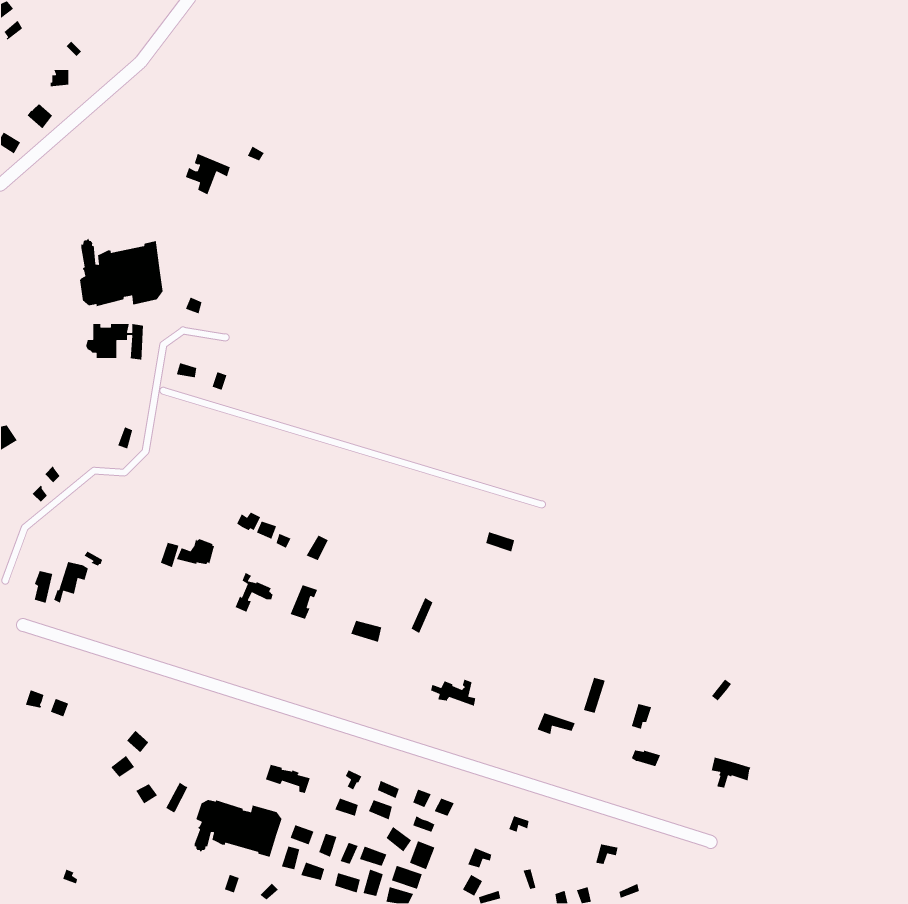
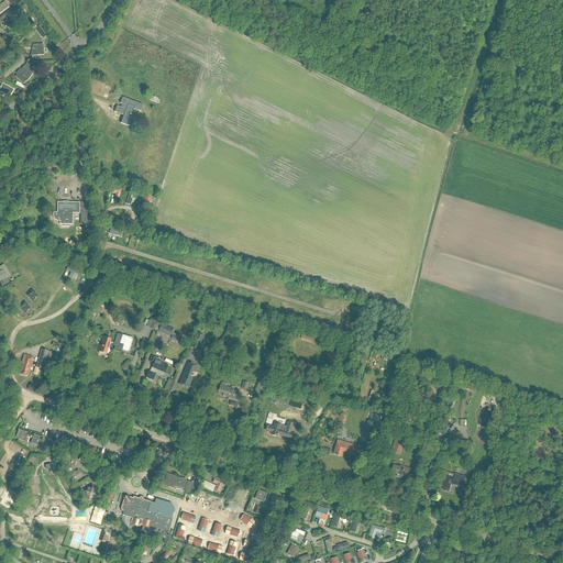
building: [79,238,164,307] -> none

